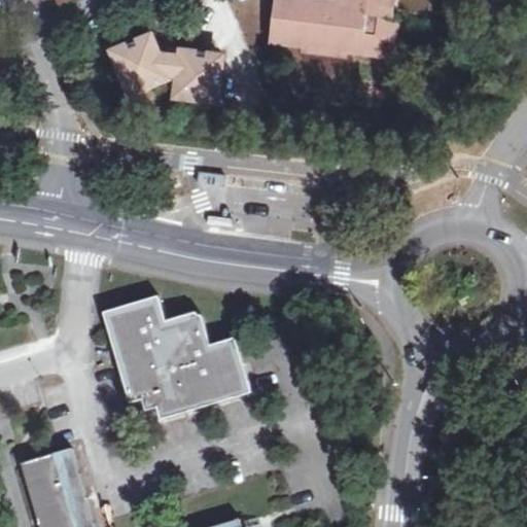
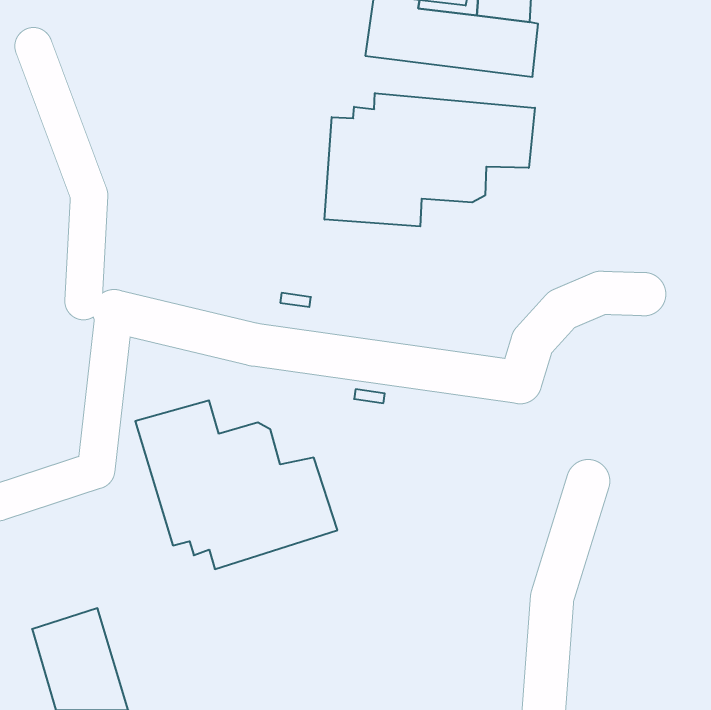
building: [111,34,225,103] -> none
building: none -> [325,93,535,226]

